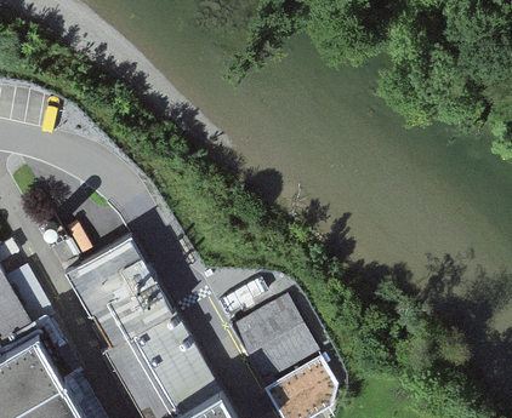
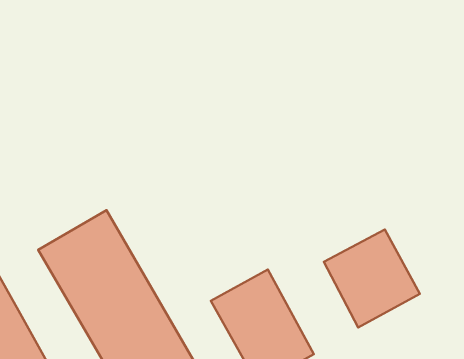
building: none -> [324,229,420,327]

